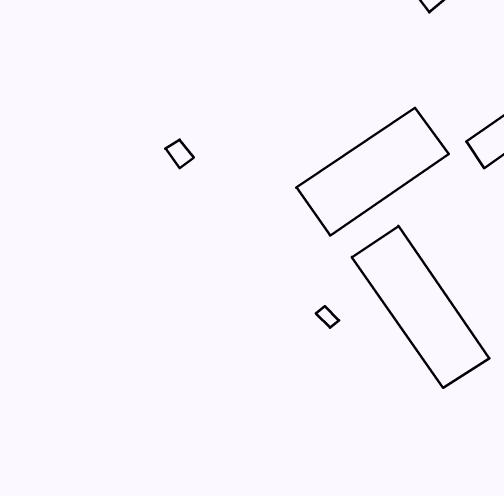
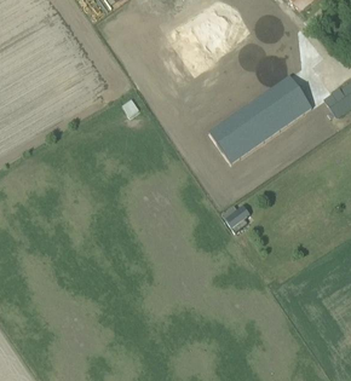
building: [352,226,489,388] -> none

